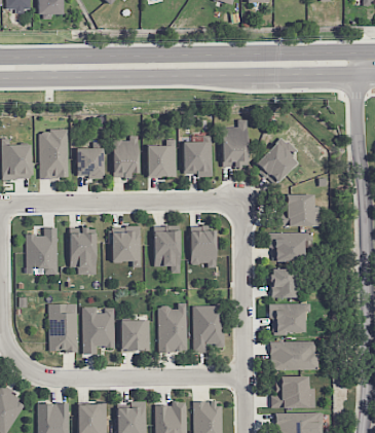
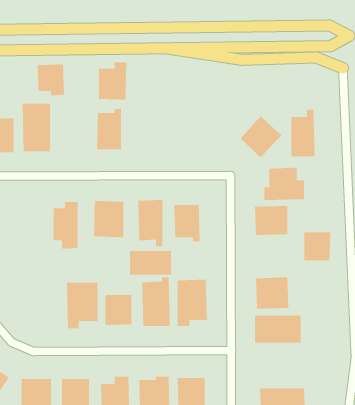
building: [223,119,248,167] -> [291,109,315,157]
building: [184,135,213,176] -> none
building: [148,139,177,177] -> [98,62,127,100]
building: [76,147,104,179] -> [37,64,65,96]
building: [27,227,58,274] -> none
building: [272,268,300,297] -> [303,232,331,261]
building: none -> [129,250,172,276]
building: [49,303,78,352] -> none
building: [271,375,315,408] -> none

